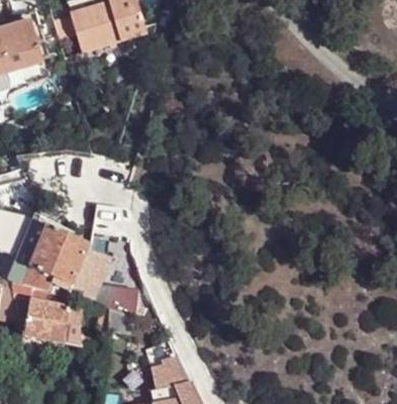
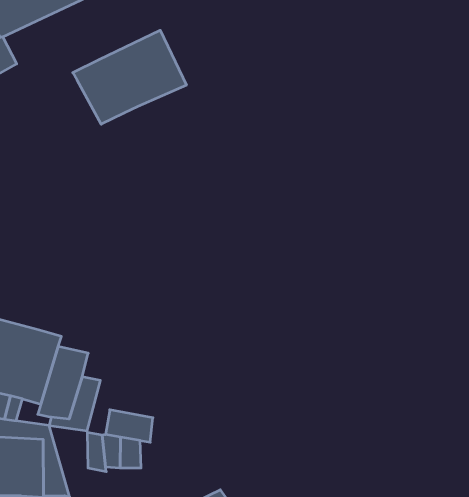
building: none -> [73,30,186,124]

